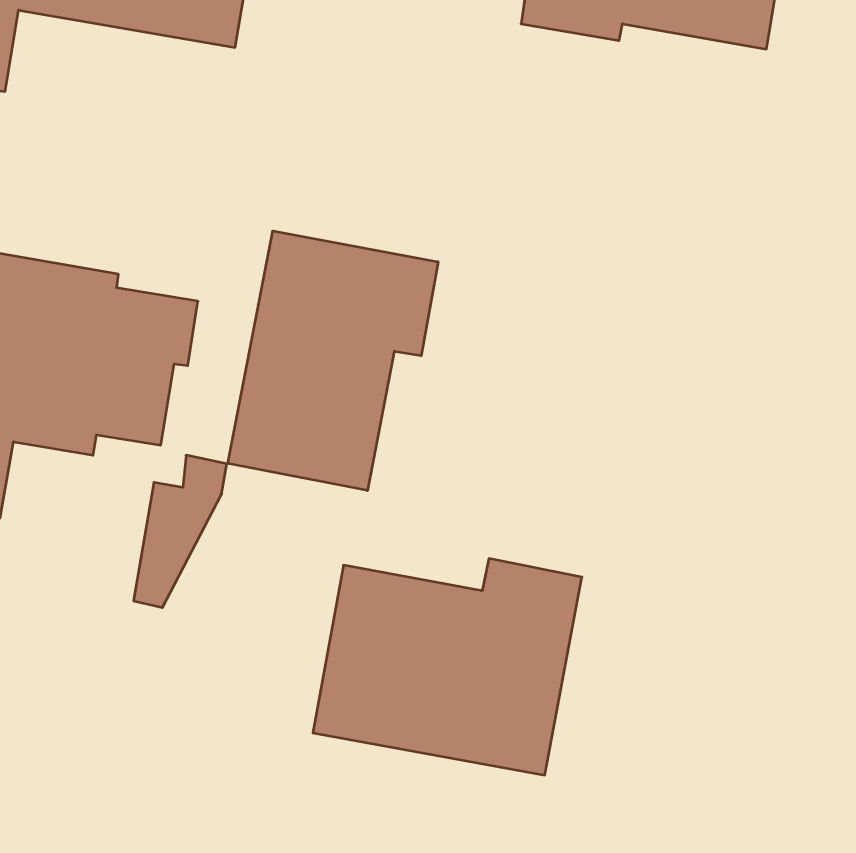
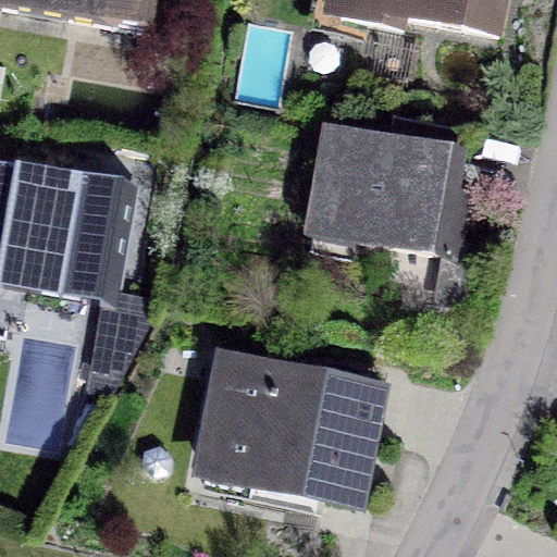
building: none -> [308,116,472,301]
building: [228,231,438,491] -> none

